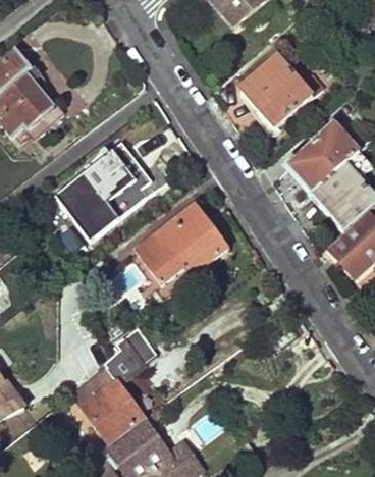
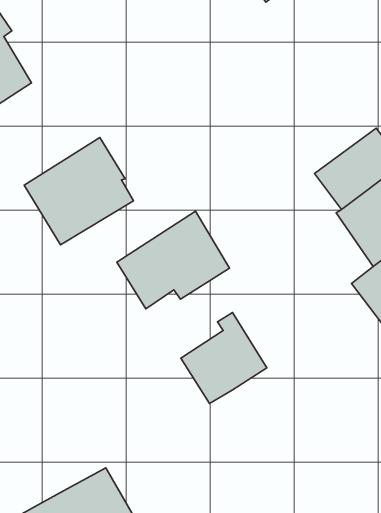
building: [242,55,314,128] -> none
building: none -> [181,312,267,404]
building: [66,324,156,439] -> none

